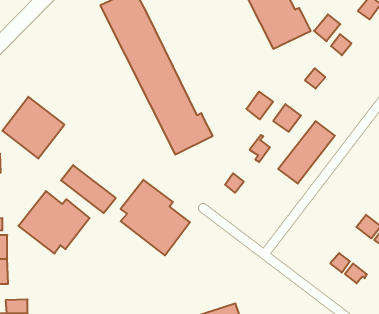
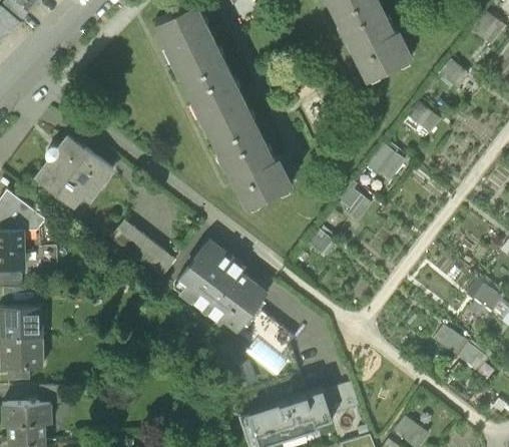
building: [314,14,340,41] -> none
building: [246,92,273,119] -> none
building: [278,121,335,184] -> none
building: [18,191,90,254] -> none

